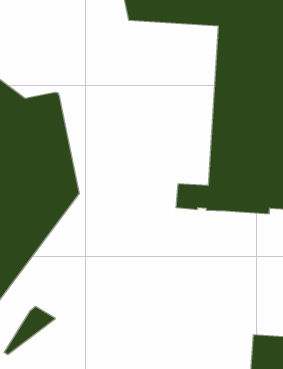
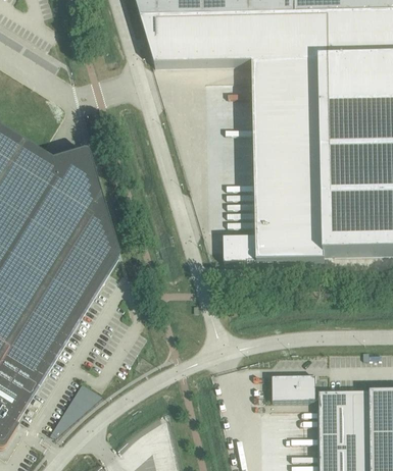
building: none -> [273,375,316,401]

